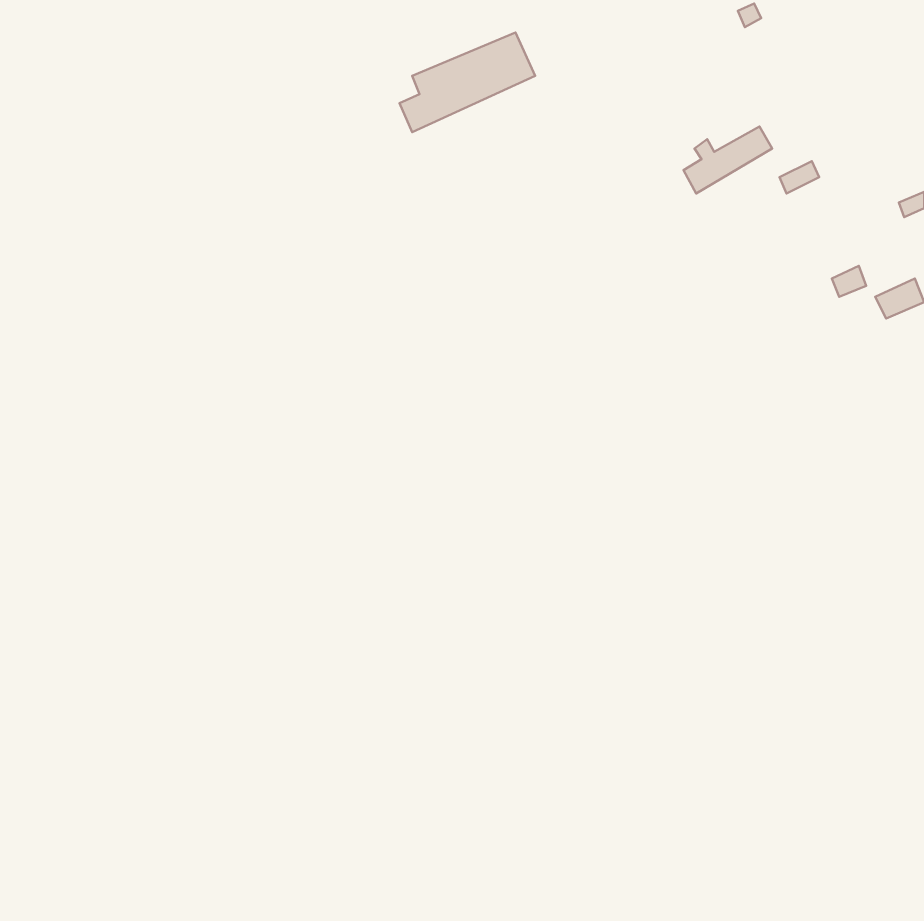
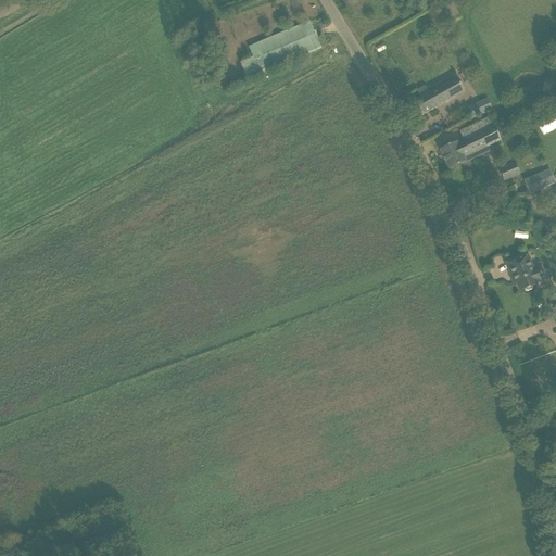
building: none -> [440,115,503,168]
building: none -> [506,252,547,290]

